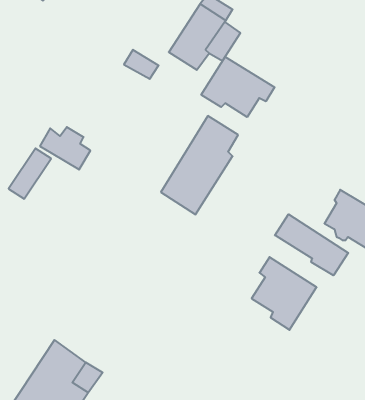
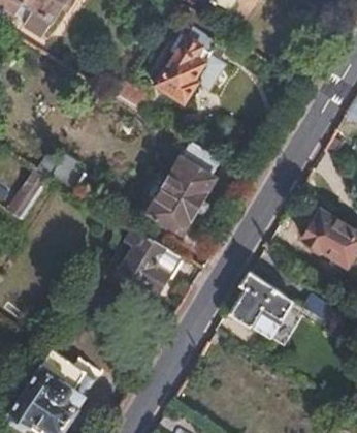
building: [201,57,275,117] -> none
building: none -> [121,226,185,290]
building: [275,214,348,275] -> none

